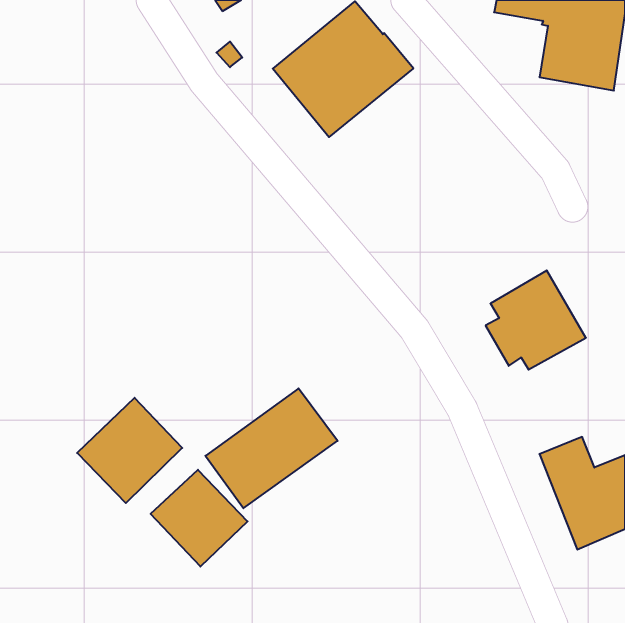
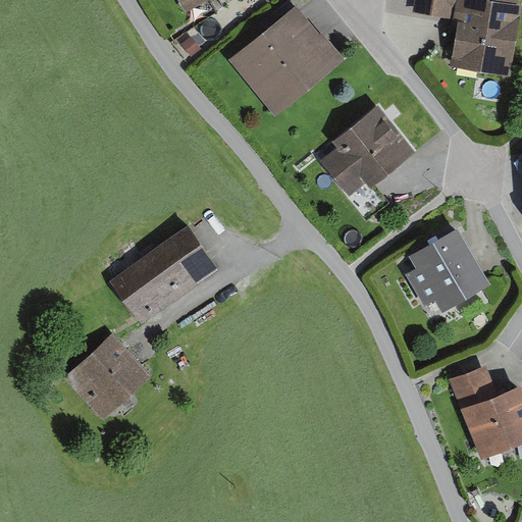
building: none -> [320,104,416,196]
building: [205,388,338,508] -> [111,224,221,324]
building: [151,470,248,567] -> none

